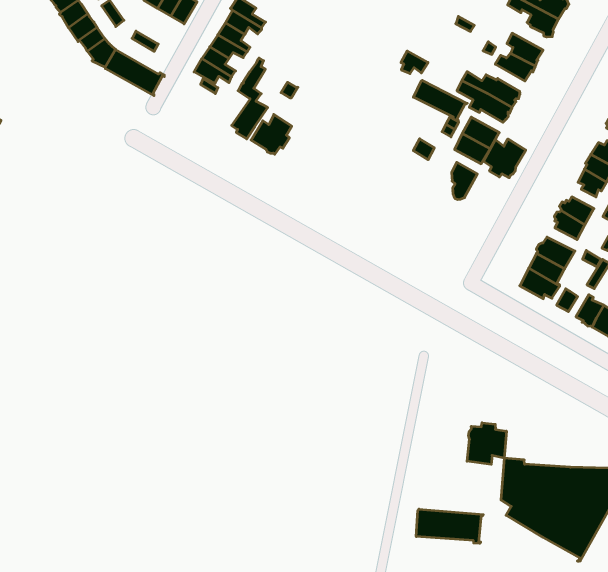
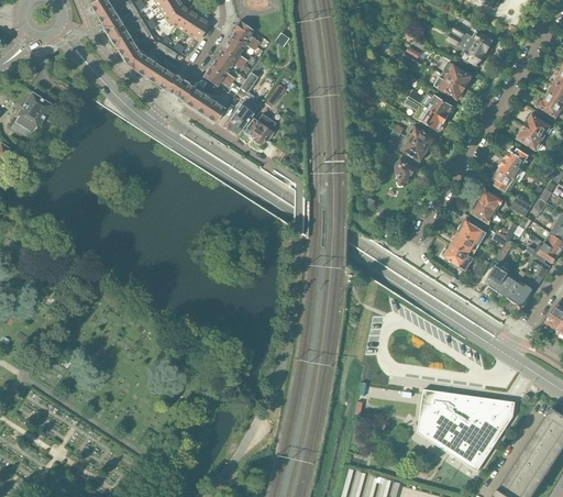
building: [413,80,467,121] -> none
building: none -> [178,84,224,123]
building: [483,139,526,178] -> none
building: [467,423,506,464] -> none
building: [416,509,483,543] -> none

